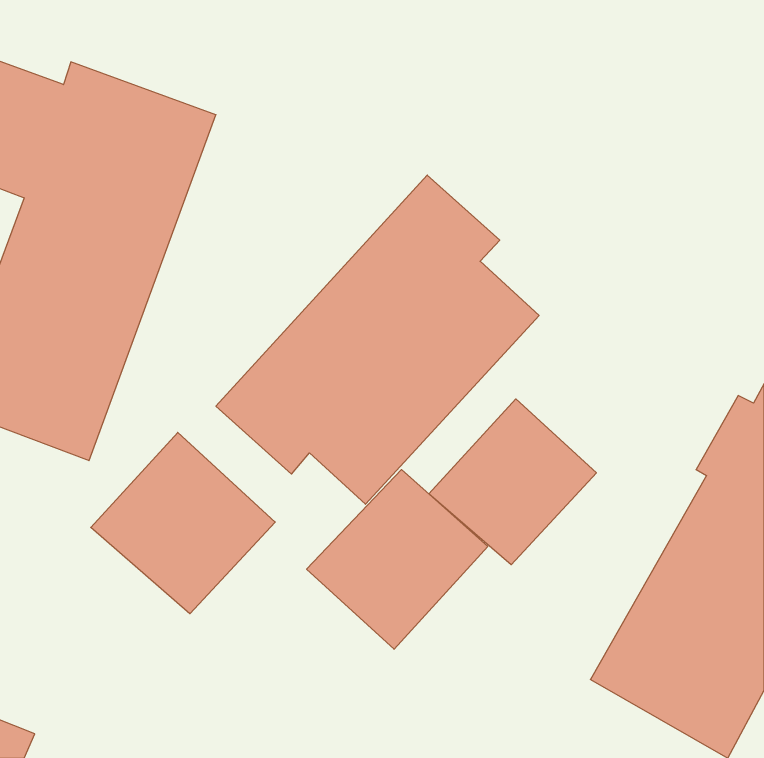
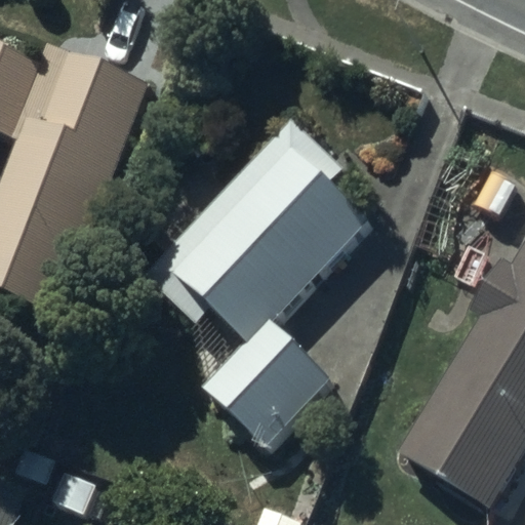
building: [429,399,596,565] -> none
building: [91,432,275,614] -> none

